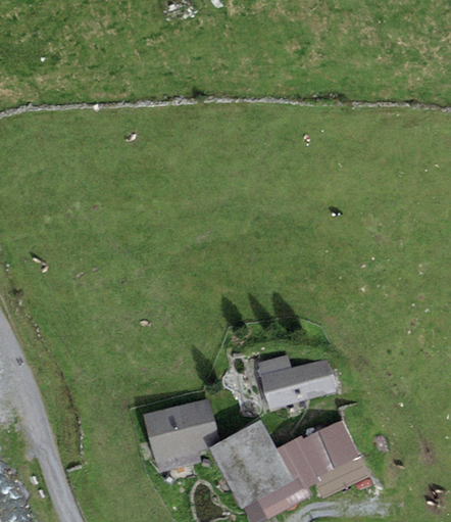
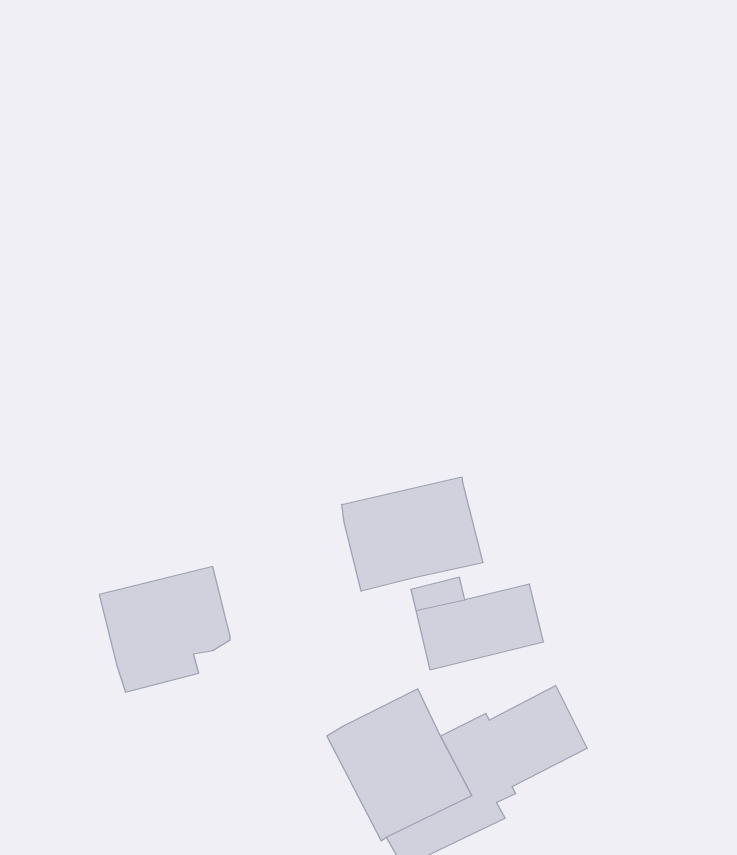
building: none -> [342,477,483,591]
building: [143,398,219,472] -> [99,567,230,692]

